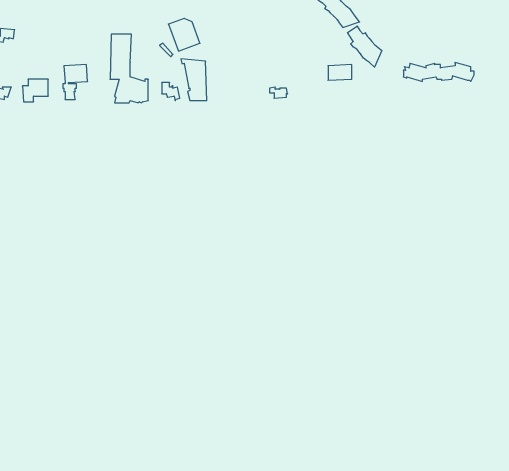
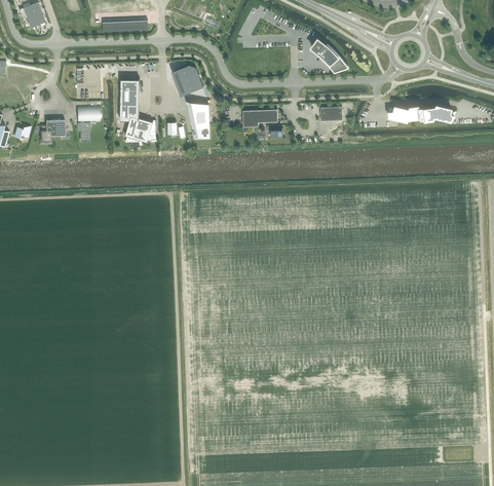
building: [348,26,382,67] -> none
building: none -> [241,109,276,127]

